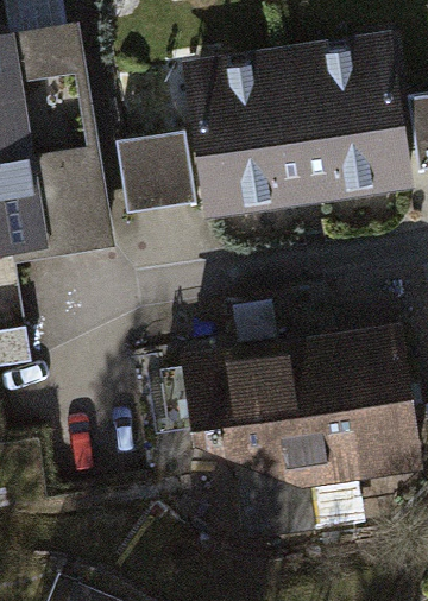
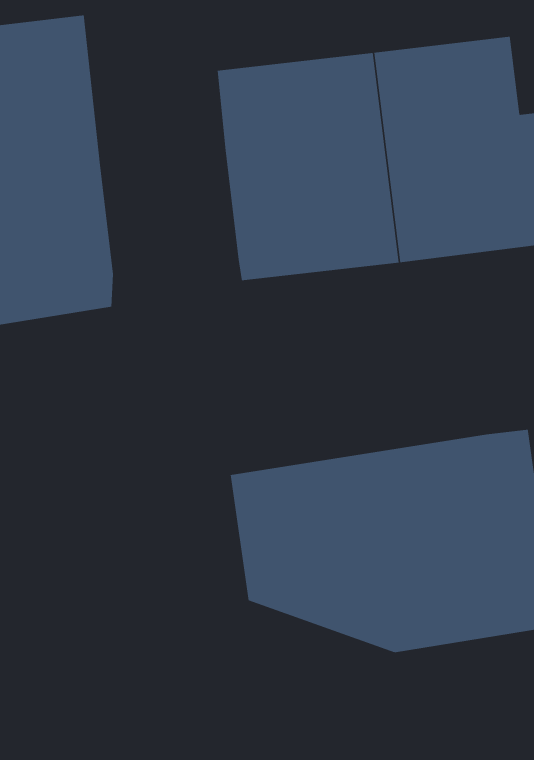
building: [93,122,193,213] -> none

